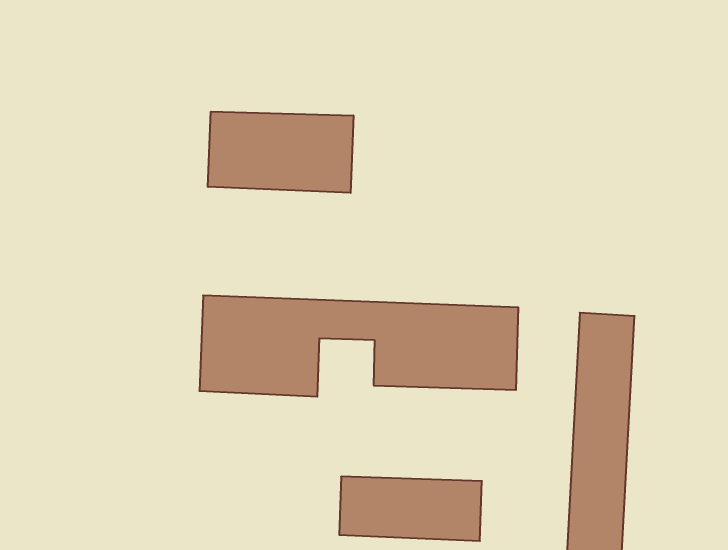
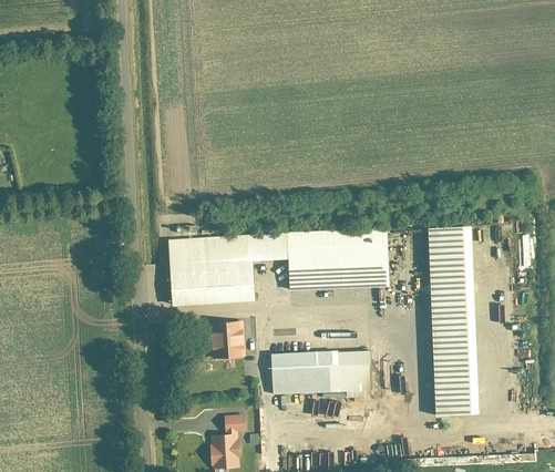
building: [208,112,353,193] -> none
building: none -> [214,320,250,359]

